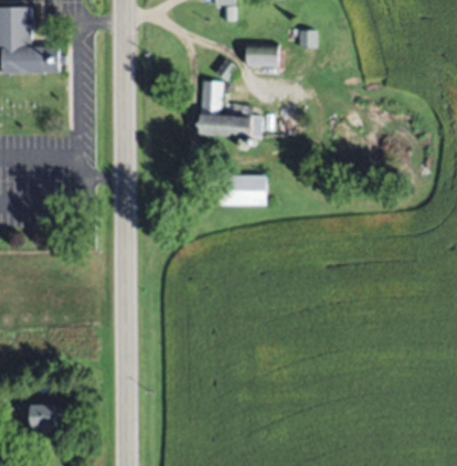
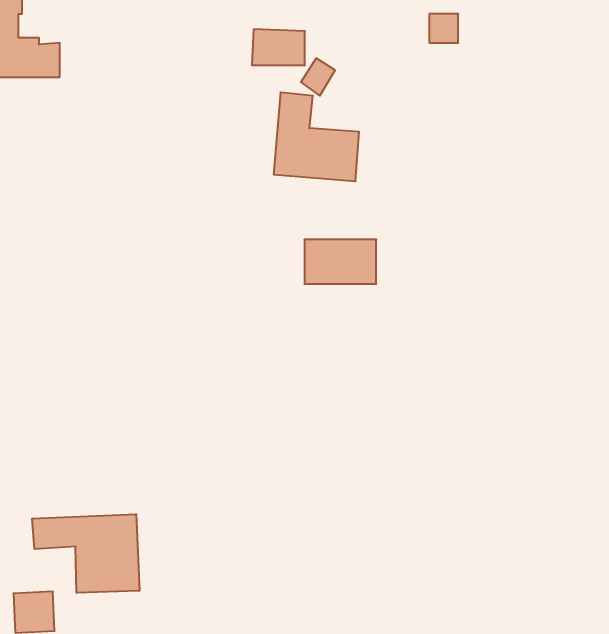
building: [246,45,280,68] -> [252,29,305,65]
building: none -> [32,514,139,593]

